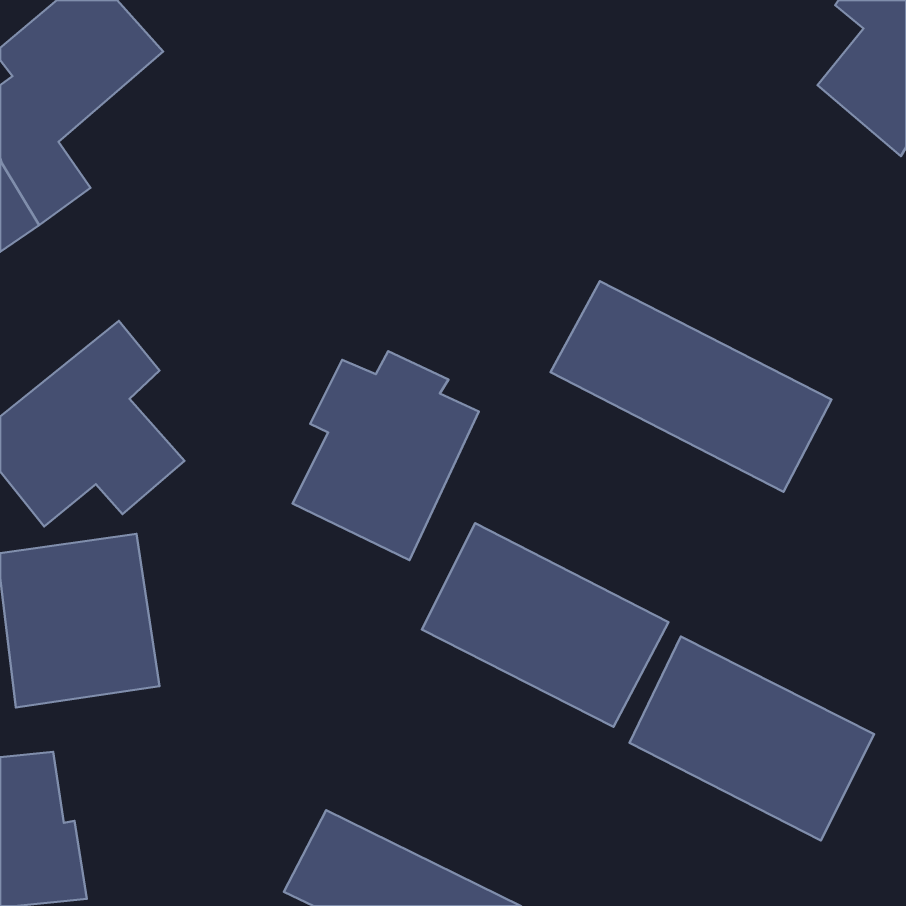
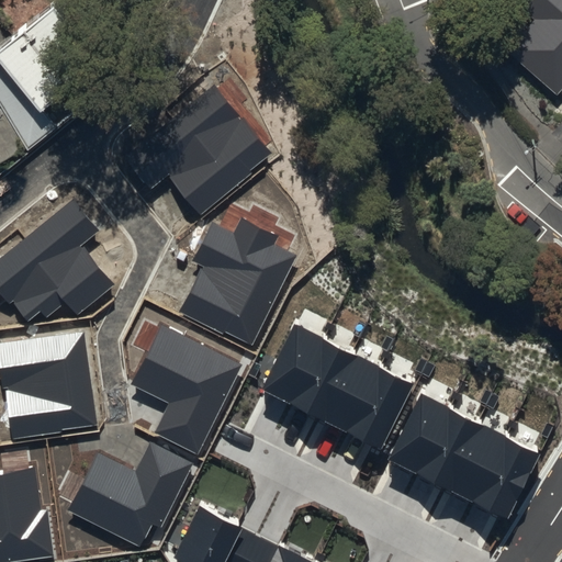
building: none -> [126,83,273,214]
building: [551,281,832,492] -> none
building: none -> [130,325,243,454]
building: none -> [68,441,193,549]

